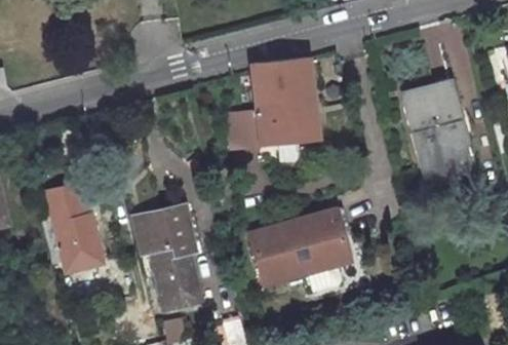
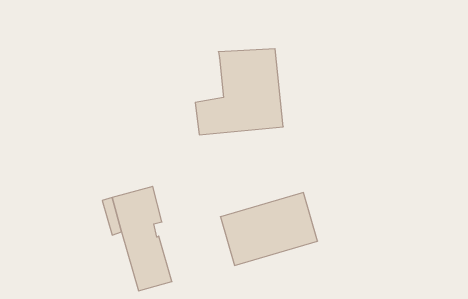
building: [405,91,473,171] -> none
building: [45,187,104,273] -> none

